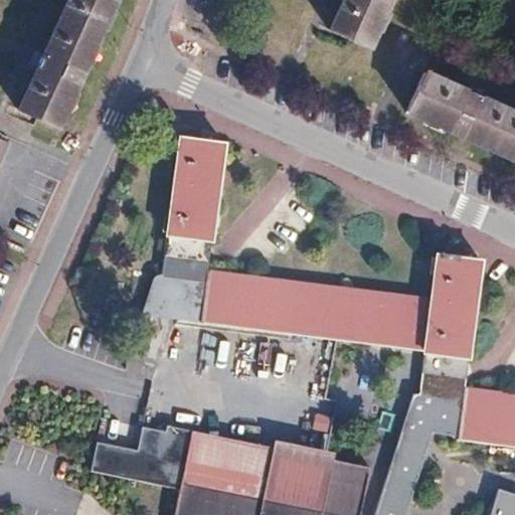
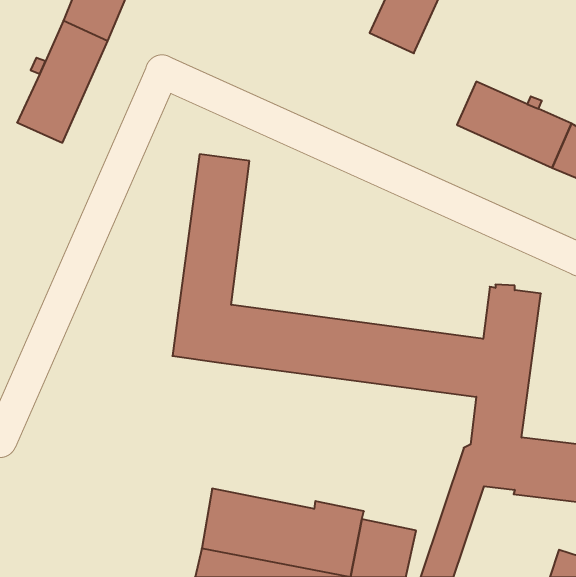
building: [95,426,191,487] -> none

